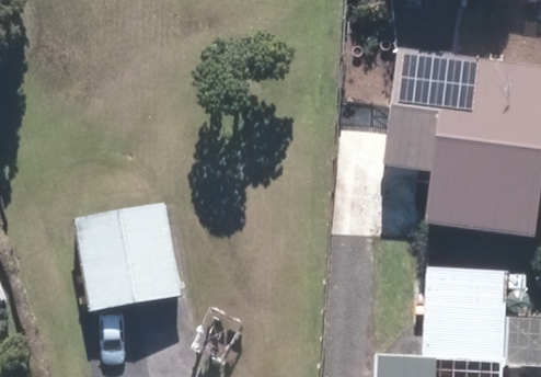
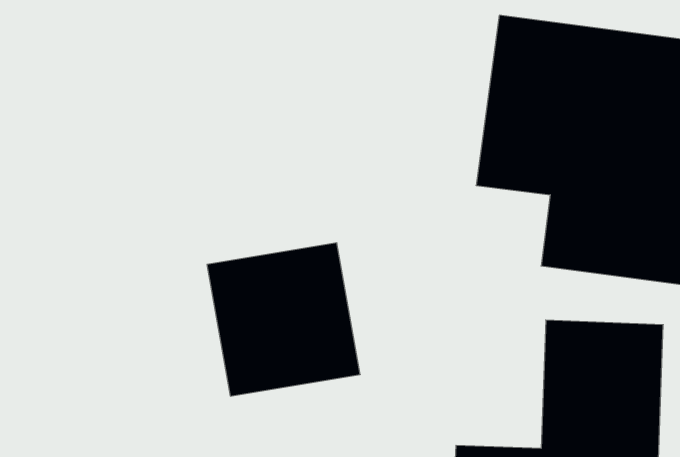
building: [74,203,183,311] -> [207,243,360,396]

